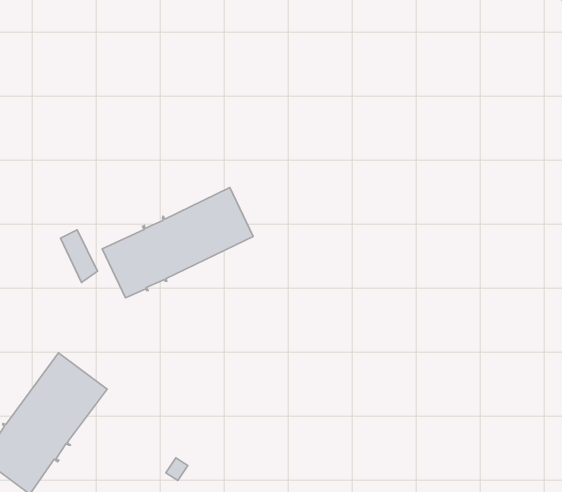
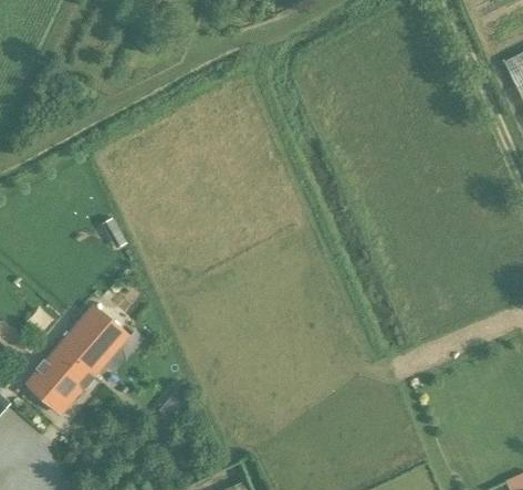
building: [102,187,253,298] -> none

